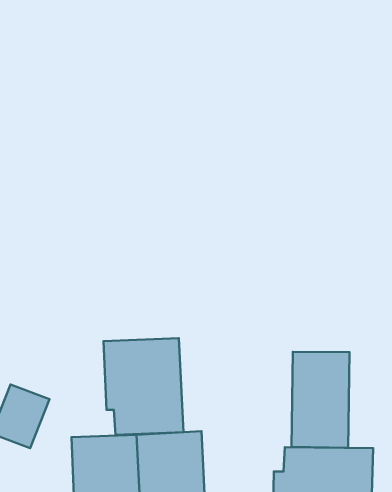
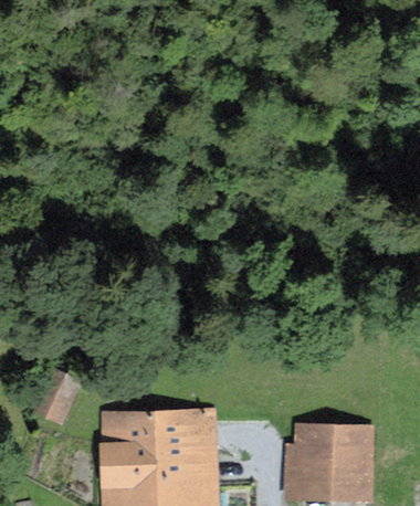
building: [103,338,184,435] -> none
building: [292,352,349,448] -> none

